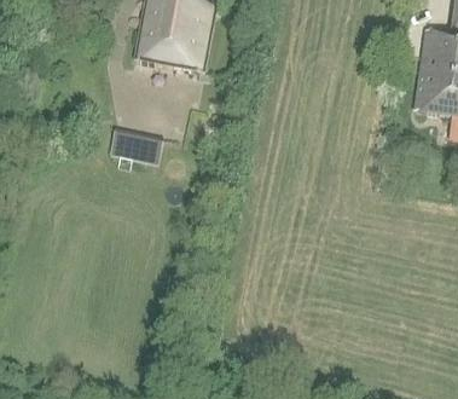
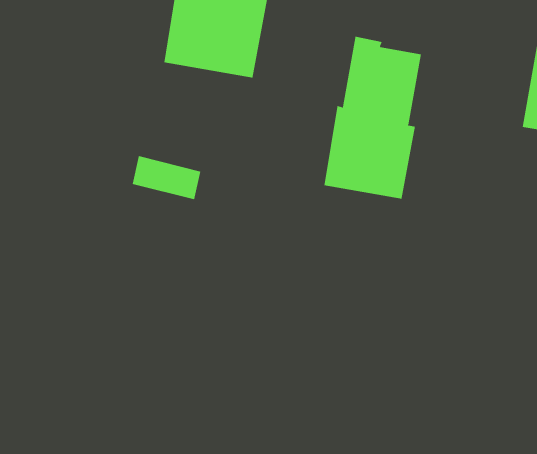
building: none -> [324,36,422,200]

